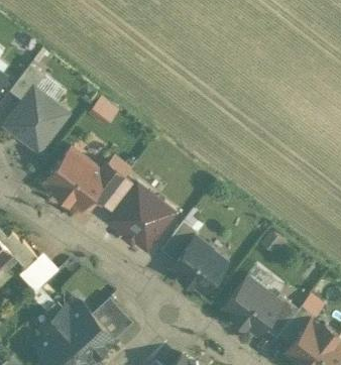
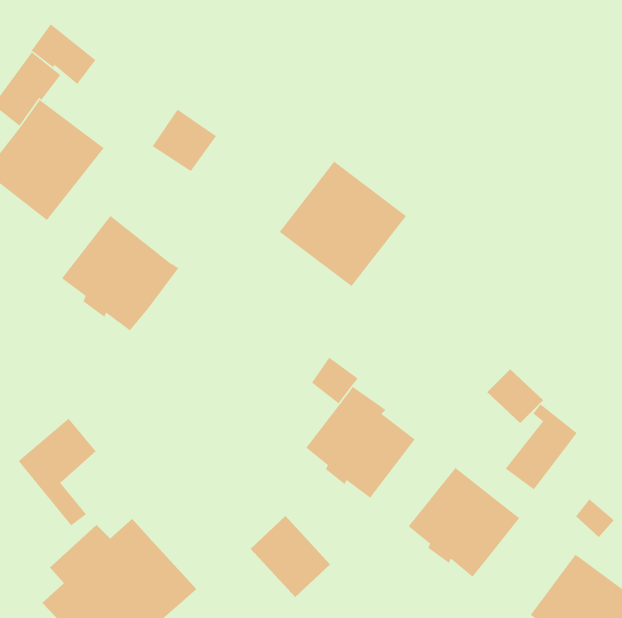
building: none -> [31,24,96,85]
building: [92,163,126,206] -> none
building: [110,185,176,249] -> [279,161,407,287]
building: [262,294,300,339] -> [505,404,578,490]
building: [93,297,134,340] -> [250,515,331,598]

